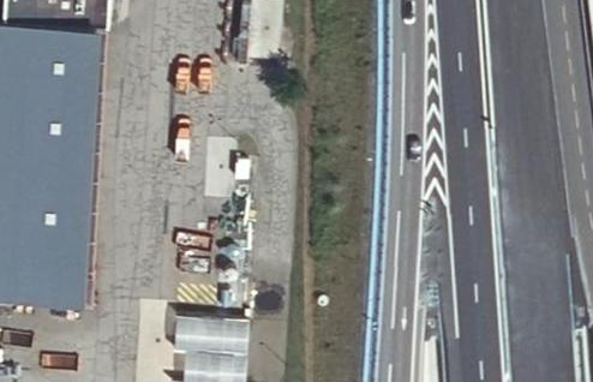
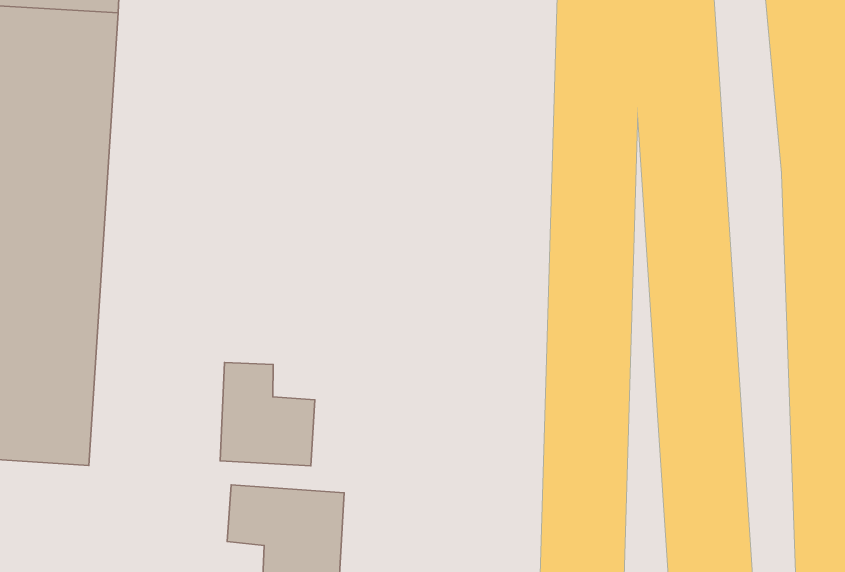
building: none -> [220,363,315,466]

